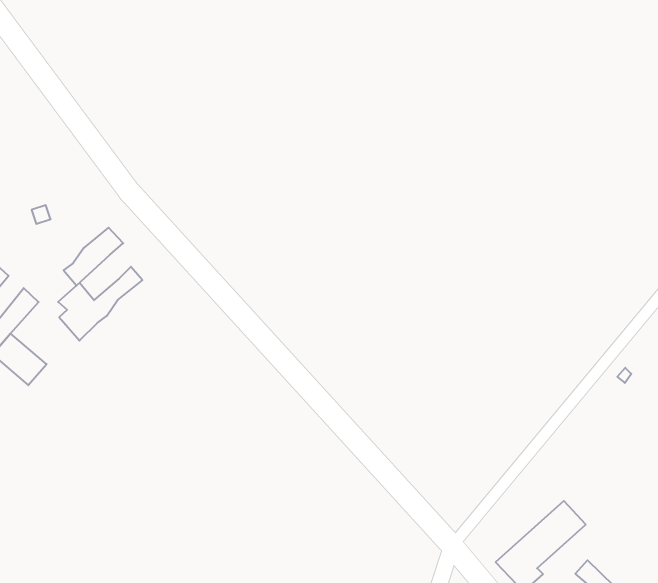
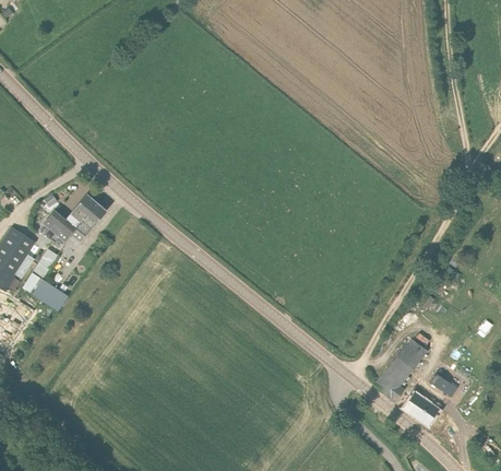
building: [58,267,142,341] -> [43,193,95,246]

